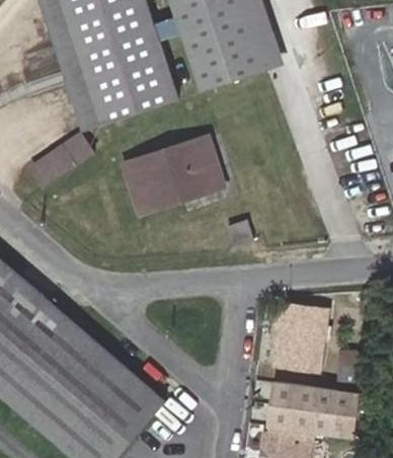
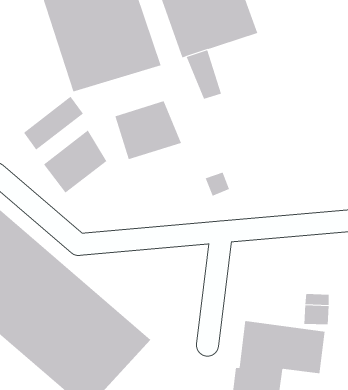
building: [180,130,220,184] -> [186,50,222,99]
building: none -> [43,129,107,194]
building: [274,308,328,376] -> none

